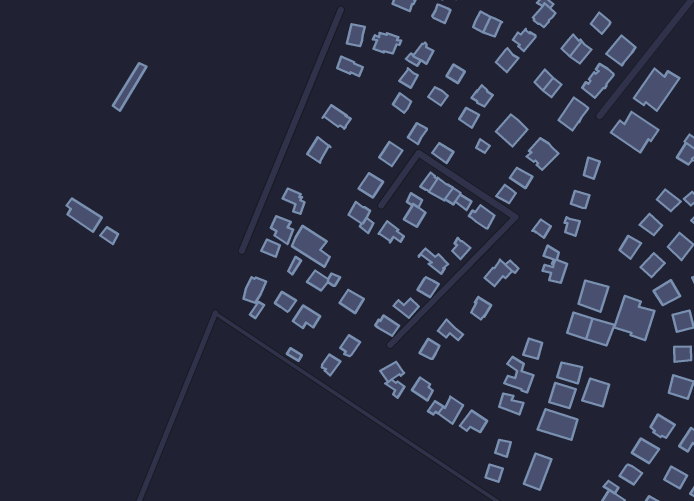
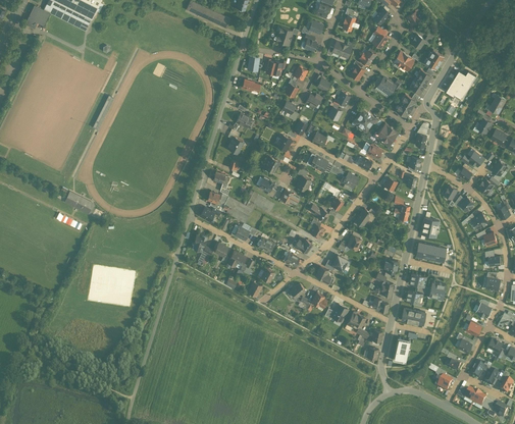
building: [611,112,658,153] -> none
building: [614,296,655,340] -> none

